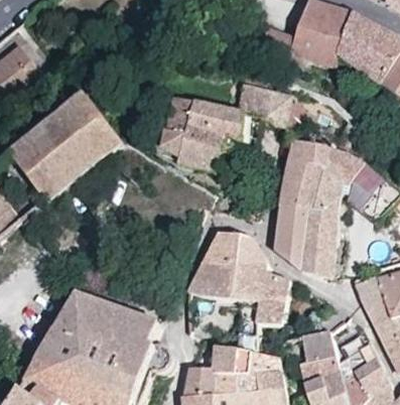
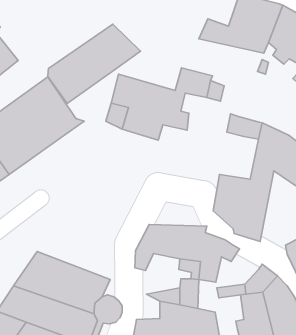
building: none -> [48,24,141,104]
building: [282,156,325,209] -> none
building: [204,228,268,261] -> none

